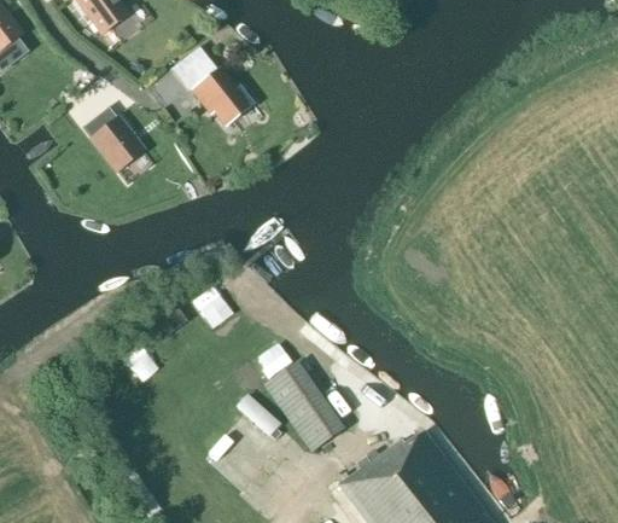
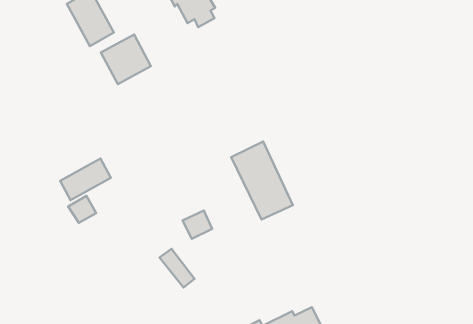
building: none -> [101,34,151,84]
building: none -> [60,158,111,200]
building: [266,362,346,453] -> [231,142,293,220]

